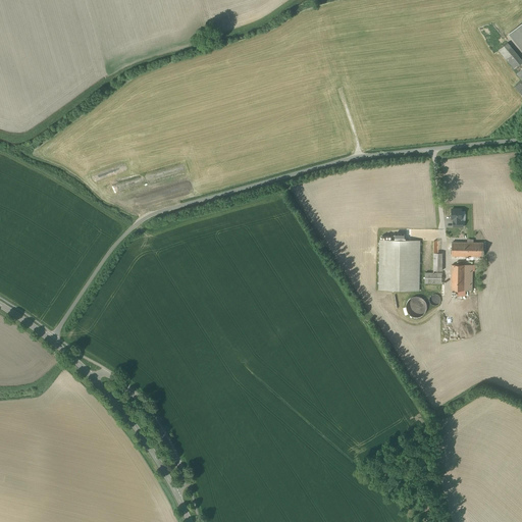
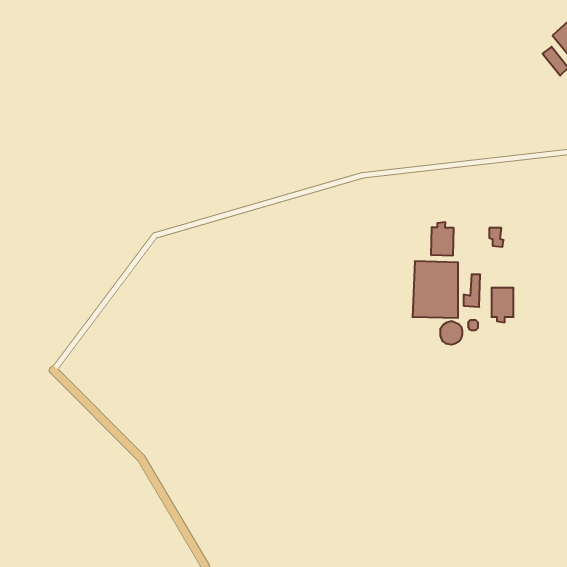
building: none -> [431,222,453,256]
building: [452,242,484,256] -> none

